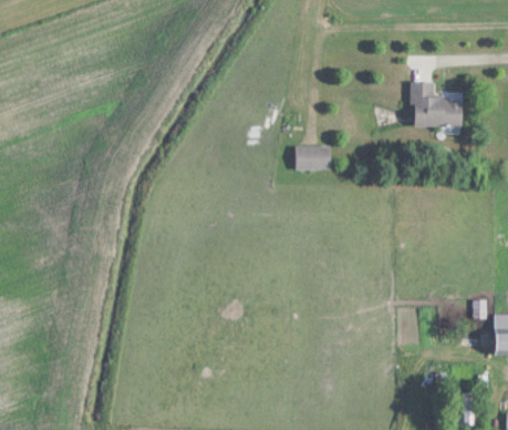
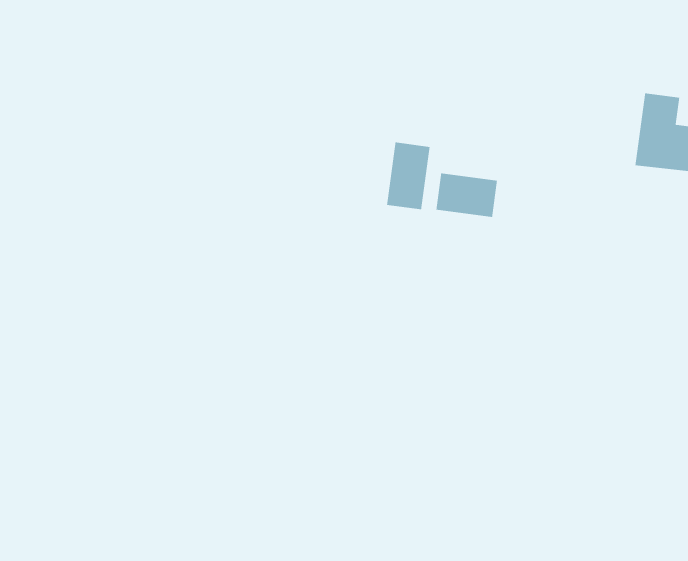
building: none -> [386,142,430,210]

